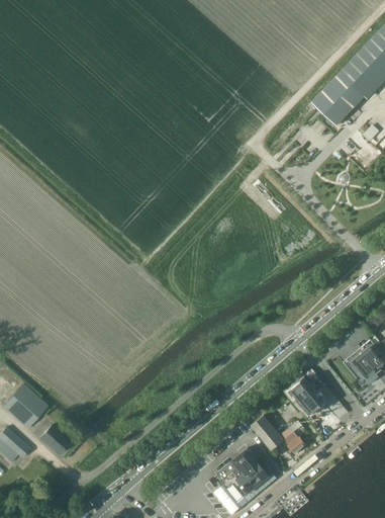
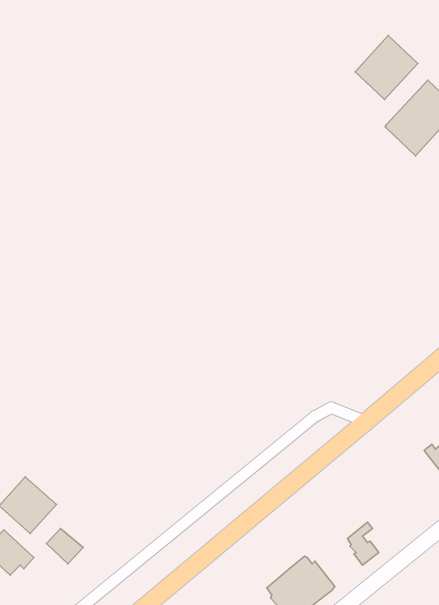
building: none -> [355,36,418,100]
building: [290,378,324,414] -> none
building: [251,415,284,450] -> none

